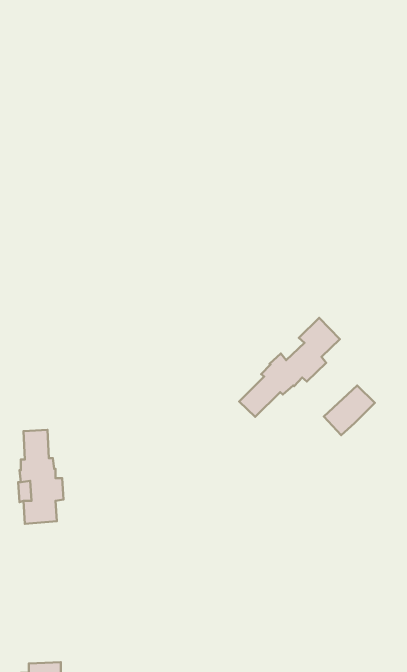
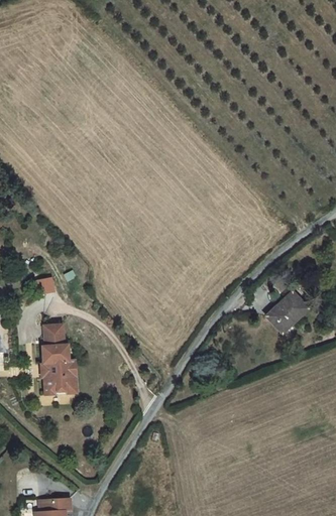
building: [239,318,340,417] -> none

